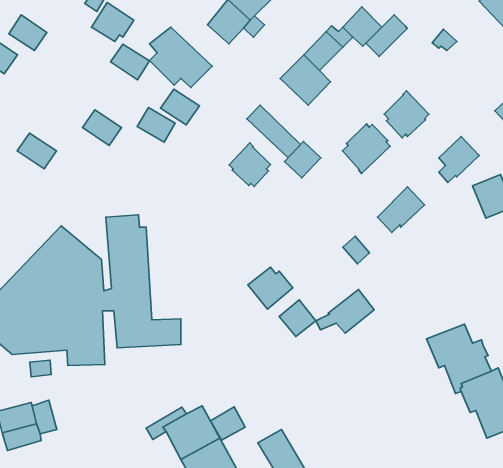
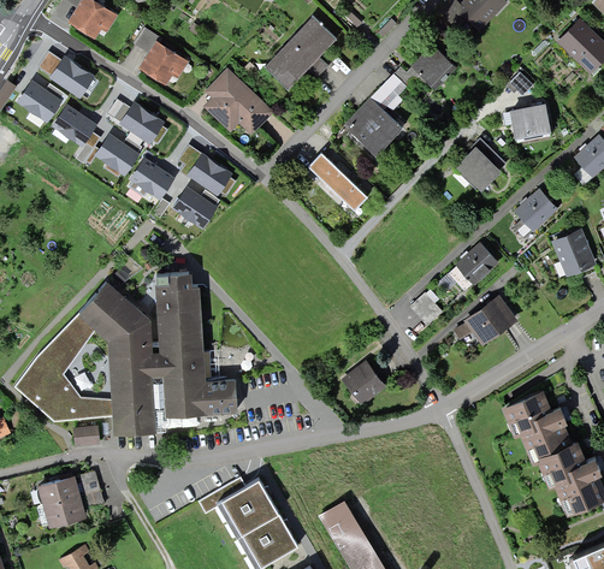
building: [366,15,407,57] -> none
building: [111,44,150,80] -> [122,102,164,141]
building: none -> [510,101,552,137]
building: none -> [54,105,96,144]
building: [160,89,200,125] -> [174,189,217,227]
building: [343,124,390,173] -> none
building: [17,133,56,169] -> [96,135,138,173]
building: [285,142,321,178] -> none
building: [229,143,271,186] -> none
building: [248,267,293,309] -> none
building: [316,290,374,333] -> [452,297,515,344]
building: [210,407,245,440] -> none

